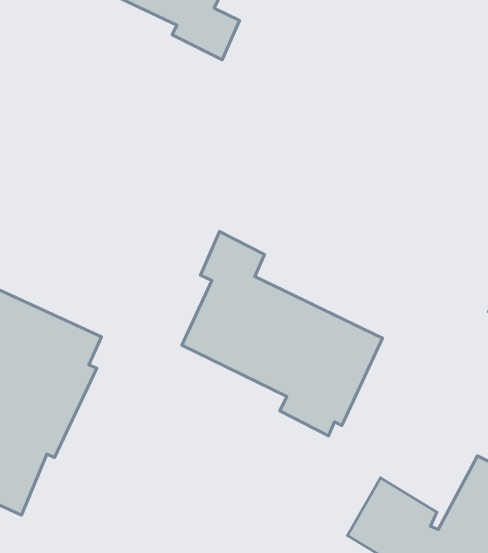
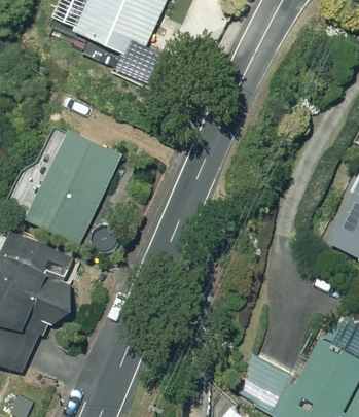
building: none -> [24,129,120,244]
building: [182,231,382,436] -> none

